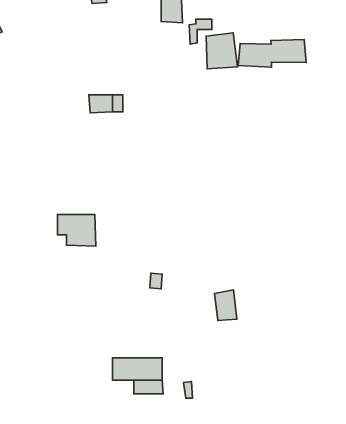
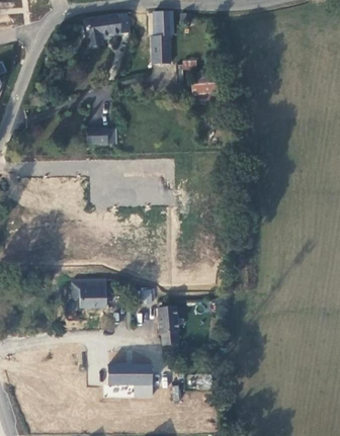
building: [238,40,306,67] -> none
building: [58,215,96,246] -> [72,280,106,309]
building: [214,290,237,320] -> [158,307,178,334]

